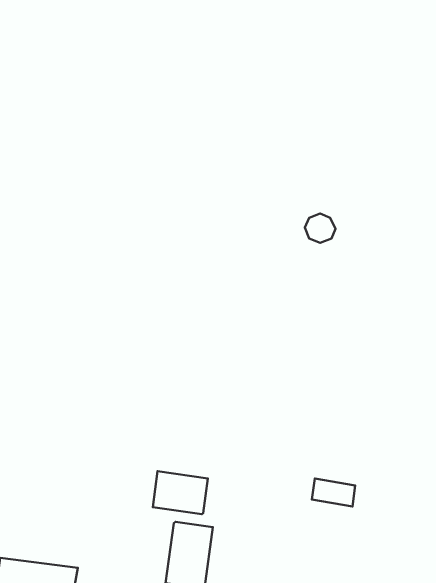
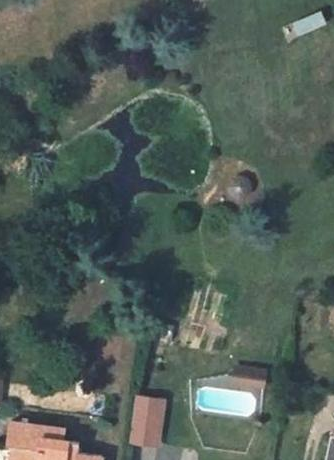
building: [153,471,208,514] -> none

